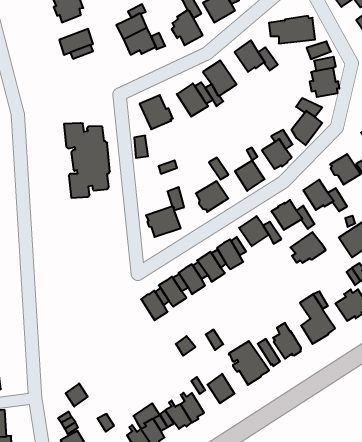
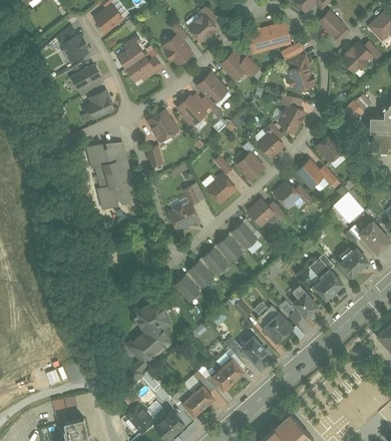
building: none -> [86,91,112,120]
building: [290,232,326,263] -> none
building: none -> [127,305,169,363]

